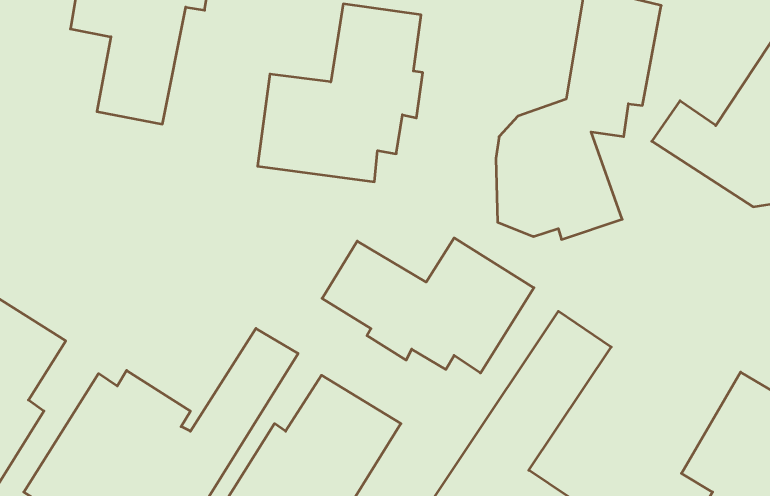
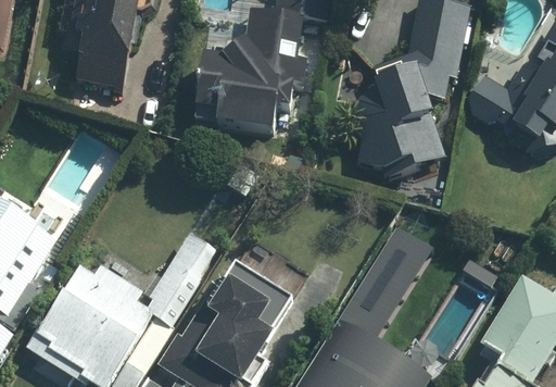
building: [322,238,534,373] -> none

